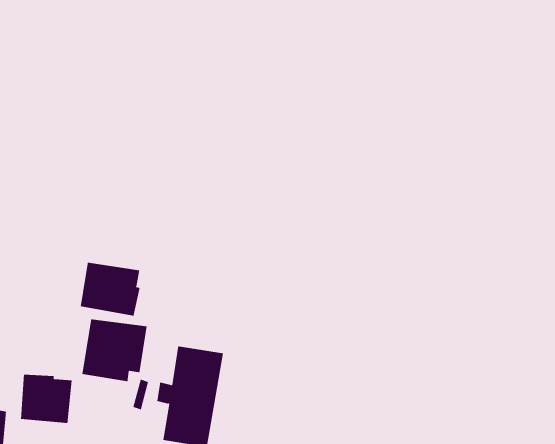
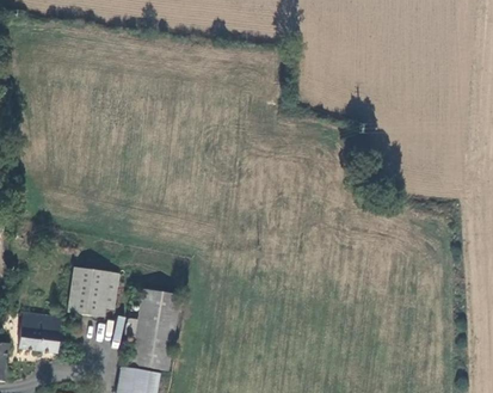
building: [80,262,140,317] -> none

